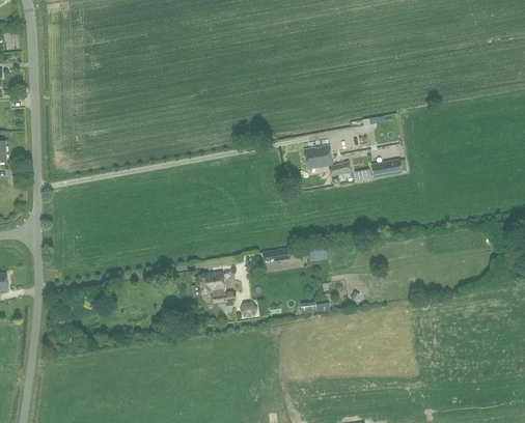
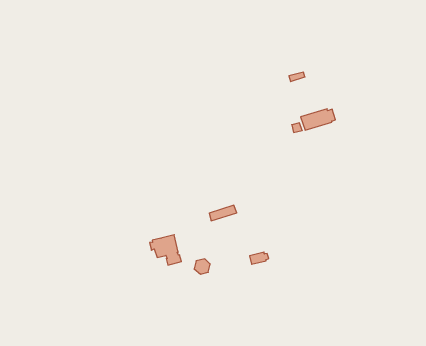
building: [304,144,351,175] -> none

